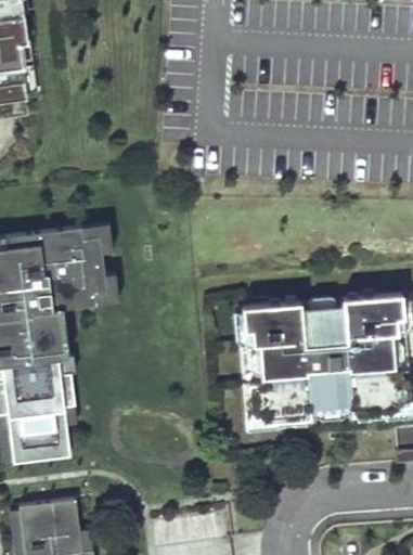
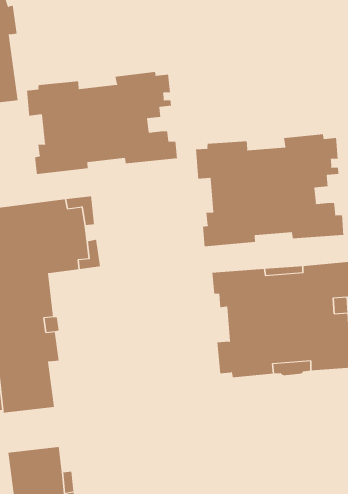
building: none -> [26,71,178,175]
building: none -> [196,134,344,247]

